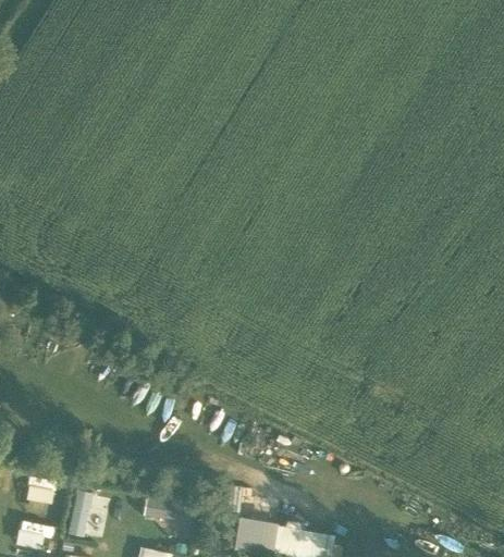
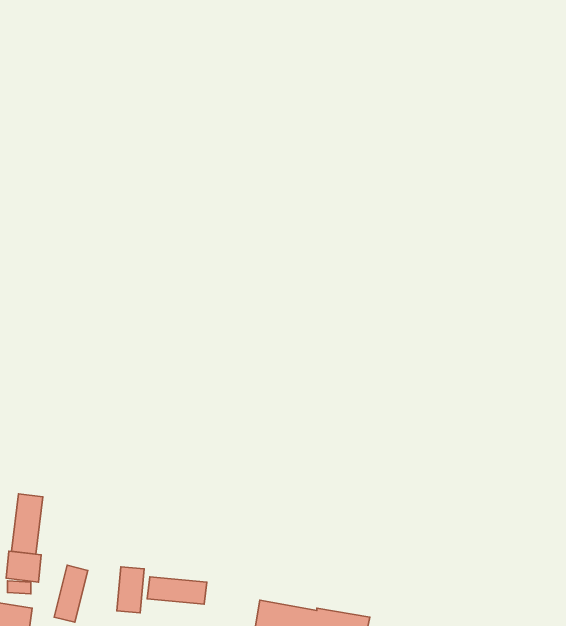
building: none -> [11,494,43,554]
building: none -> [117,567,144,613]

